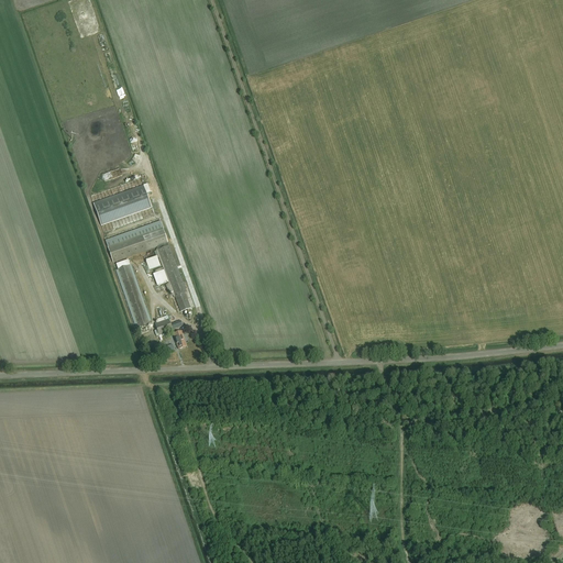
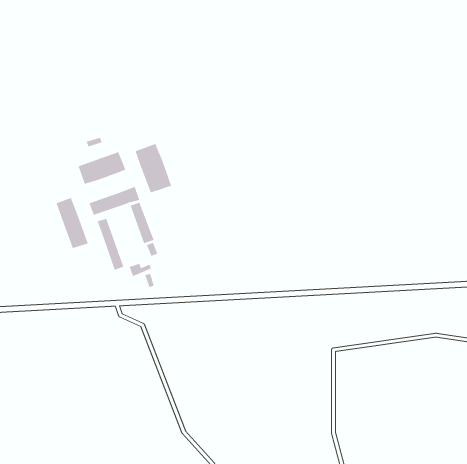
building: none -> [135,143,172,193]
building: none -> [56,197,88,249]

